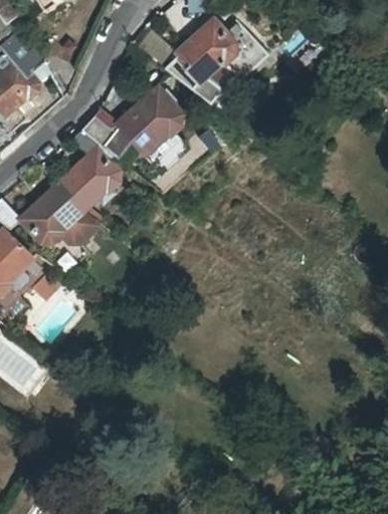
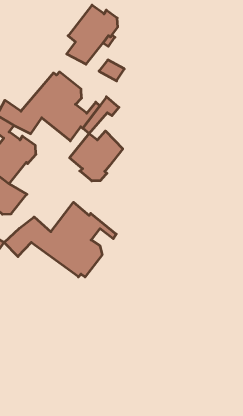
building: none -> [70,131,123,181]
building: none -> [4,202,116,277]

